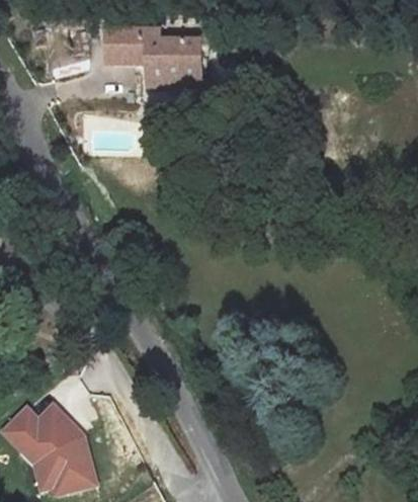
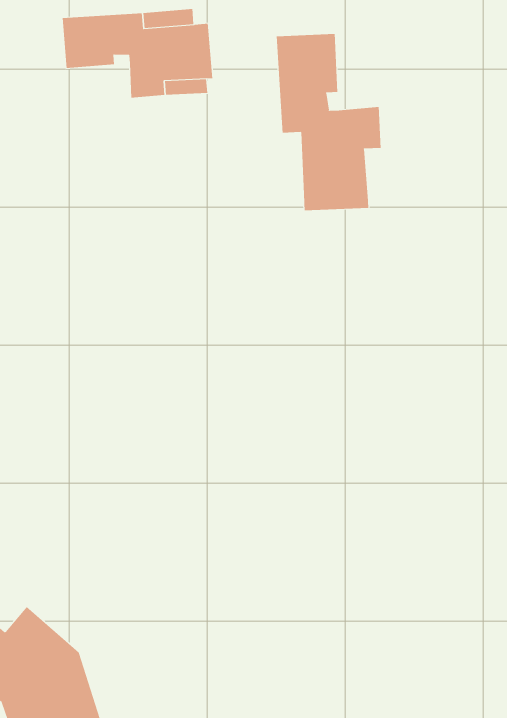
building: none -> [276,33,381,211]

